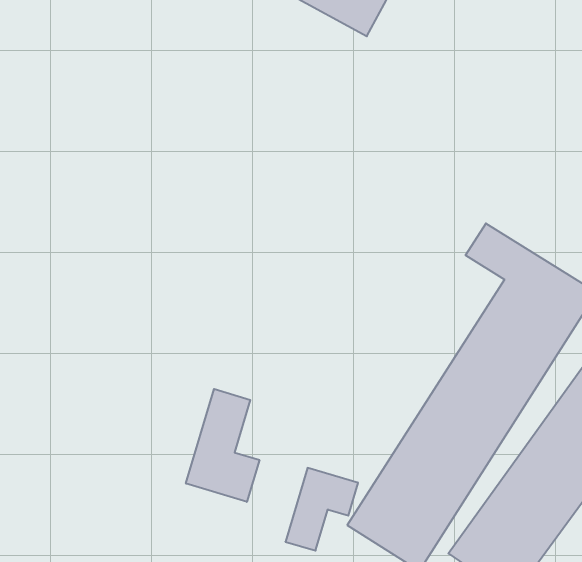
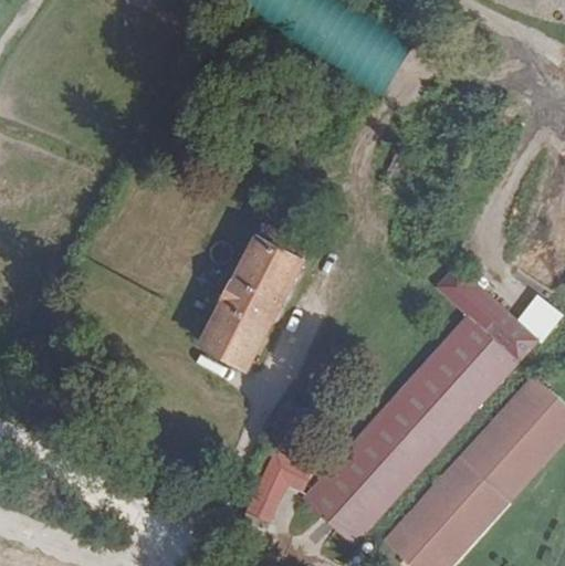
building: none -> [205,221,307,361]
building: [186,389,259,502] -> none

